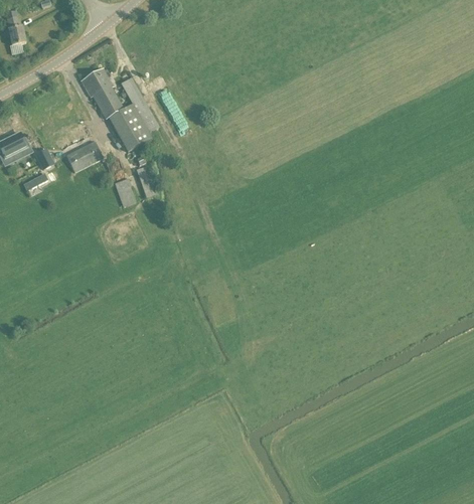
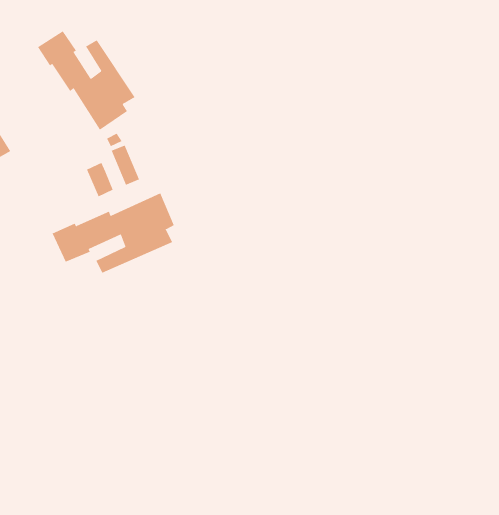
building: [65,141,103,172] -> none
building: none -> [52,192,175,274]

